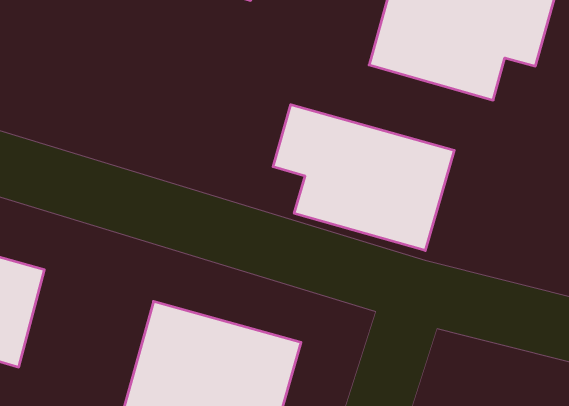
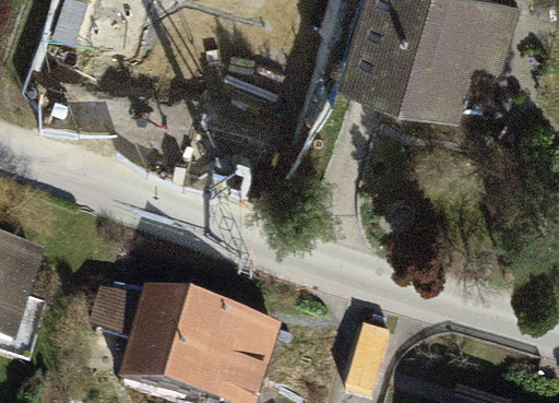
building: [273,105,454,251] -> none

